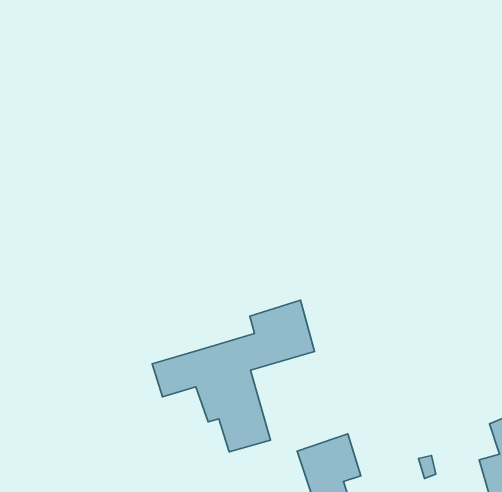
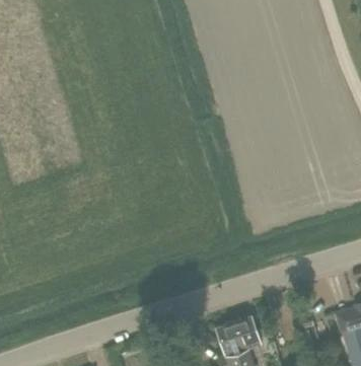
building: [152,300,314,452] -> none

